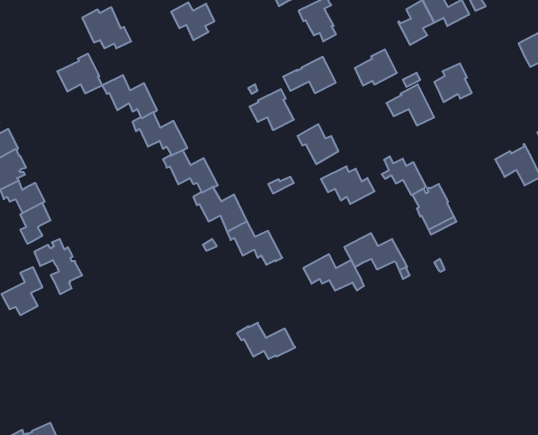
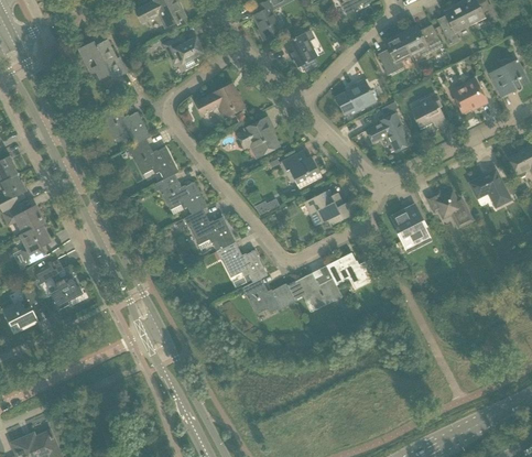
building: none -> [450,79,486,112]
building: [57,54,102,93] -> none
building: [283,57,336,93] -> [194,83,243,117]
building: [382,156,426,195] -> [430,191,471,227]
building: [237,323,295,359] -> [240,278,295,312]

